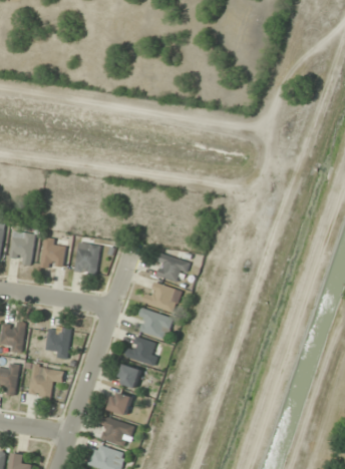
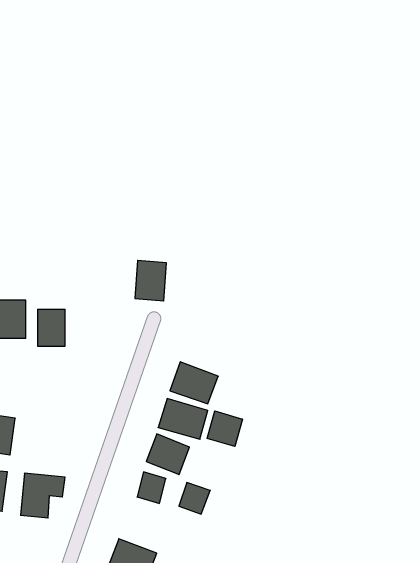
building: [75,243,99,274] -> [135,260,166,301]
building: [152,252,189,284] -> none
building: none -> [207,411,242,446]
building: [45,326,71,358] -> none
building: [108,391,132,415] -> [179,483,210,514]

